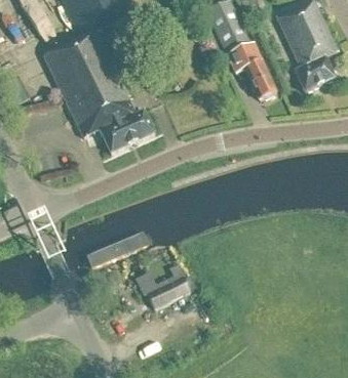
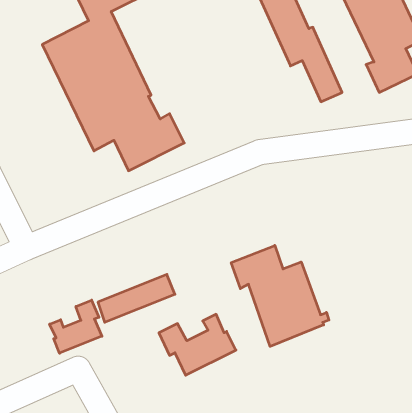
building: none -> [231,245,329,346]
building: none -> [50,300,102,353]

